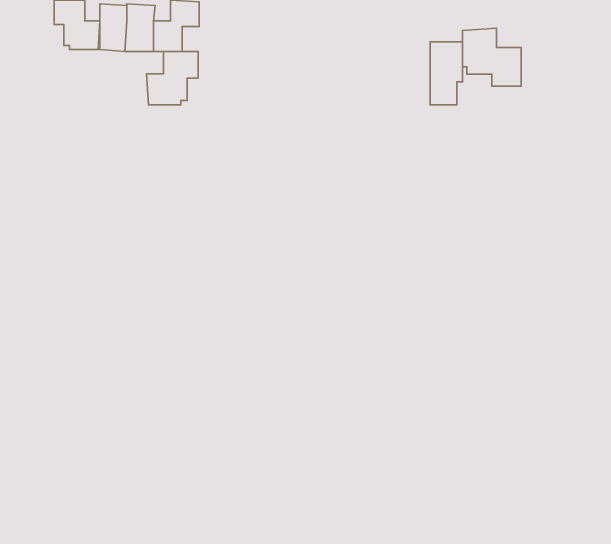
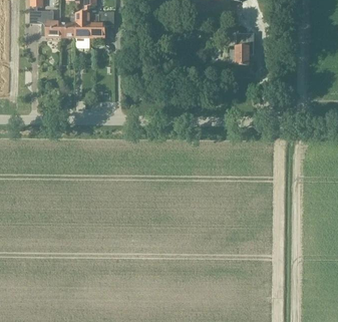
building: [462,28,521,86] -> none
building: [146,51,198,105] -> none

